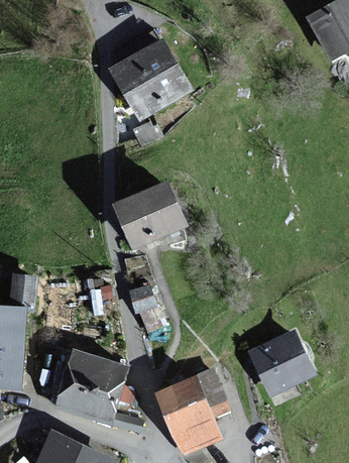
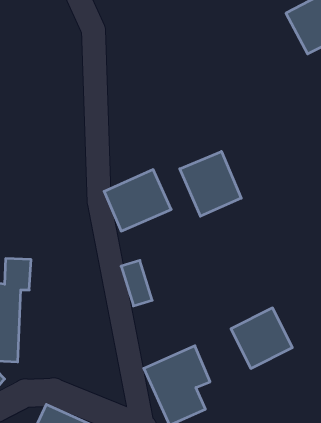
building: [108,37,191,121] -> none
building: none -> [180,151,241,216]
building: [52,347,127,422] -> none

